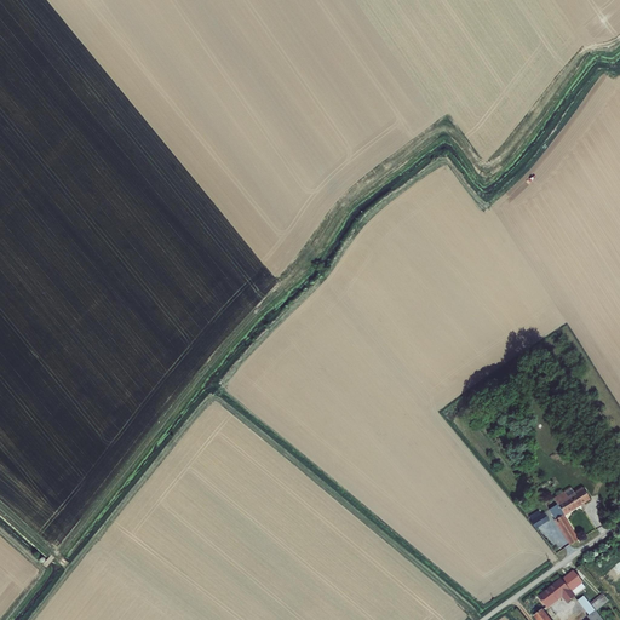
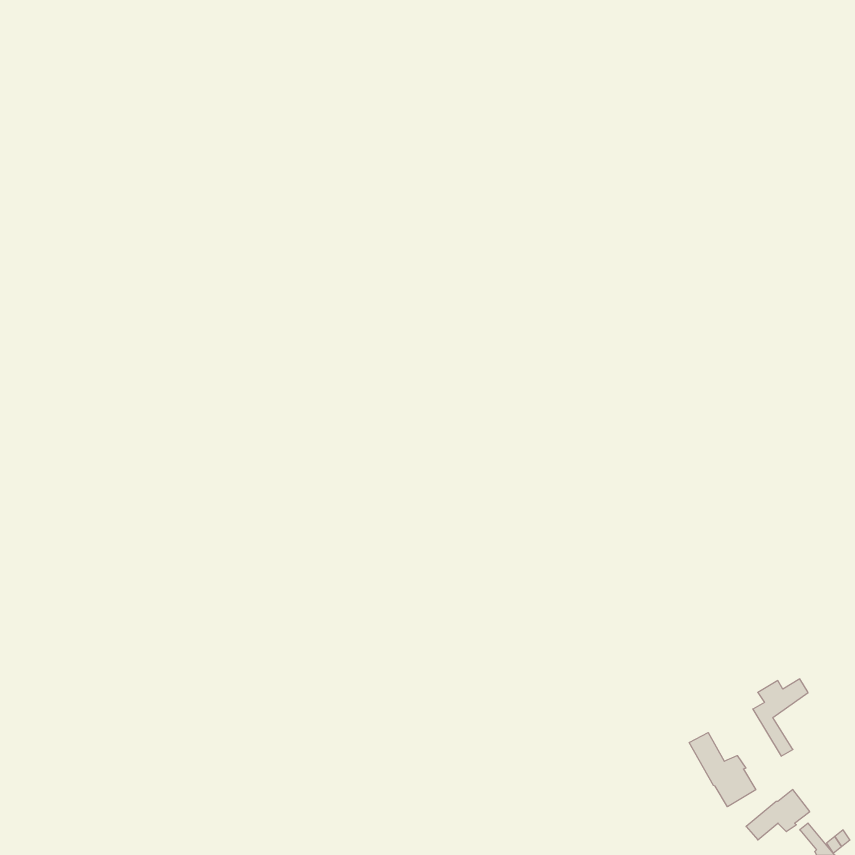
building: none -> [689,733,756,807]

